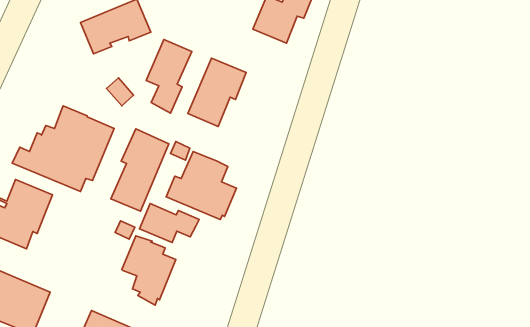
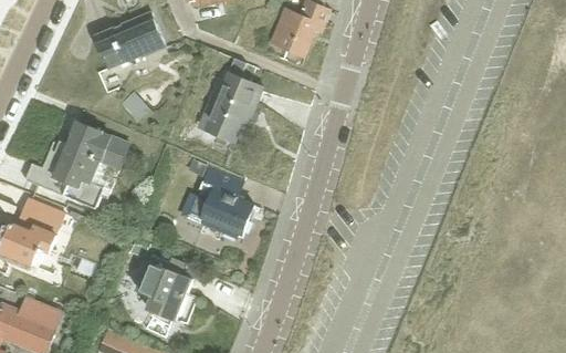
building: [146,39,192,113] -> none
building: [111,129,169,211] -> none
building: [140,204,199,242] -> none

